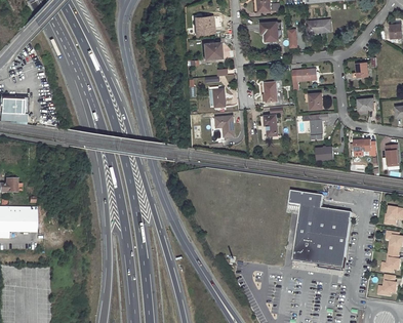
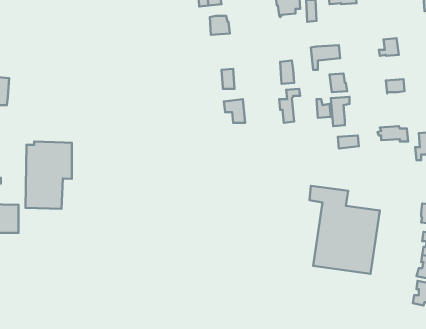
building: none -> [25,142,72,209]

